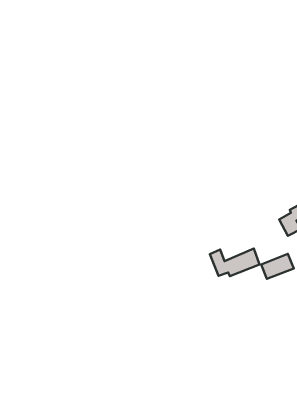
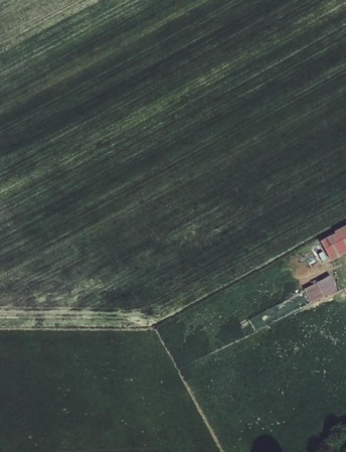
building: [210,249,260,276] -> none

